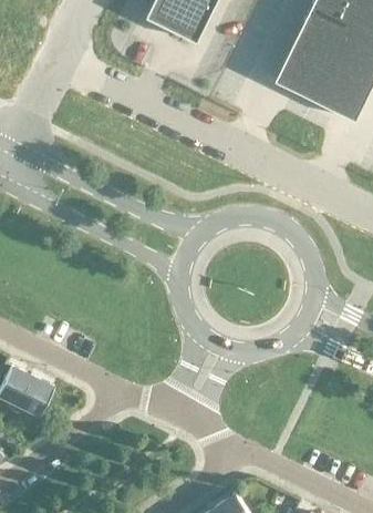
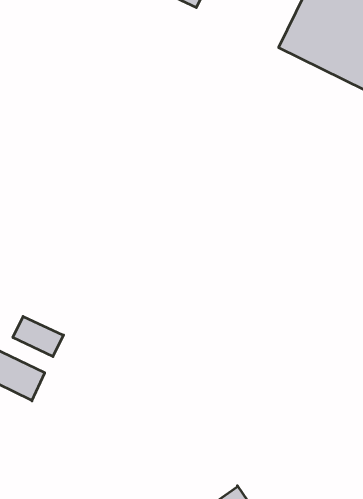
building: none -> [13,316,64,357]

